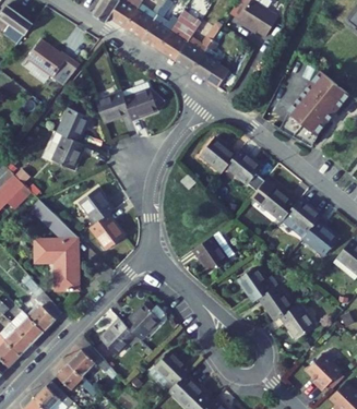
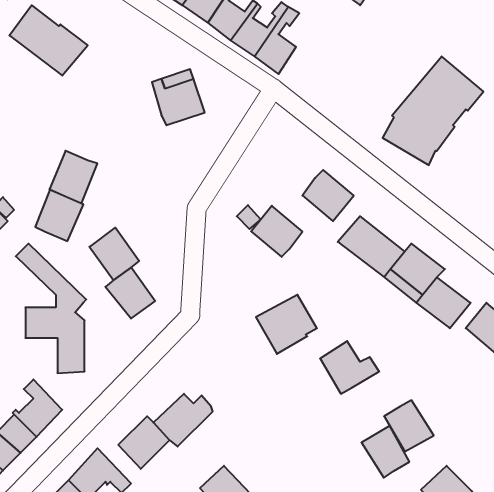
building: [96,89,129,121] -> none
building: [57,108,90,143] -> [35,190,83,241]
building: [199,137,234,172] -> [251,206,302,257]
building: [259,287,291,322] -> [361,427,409,478]

